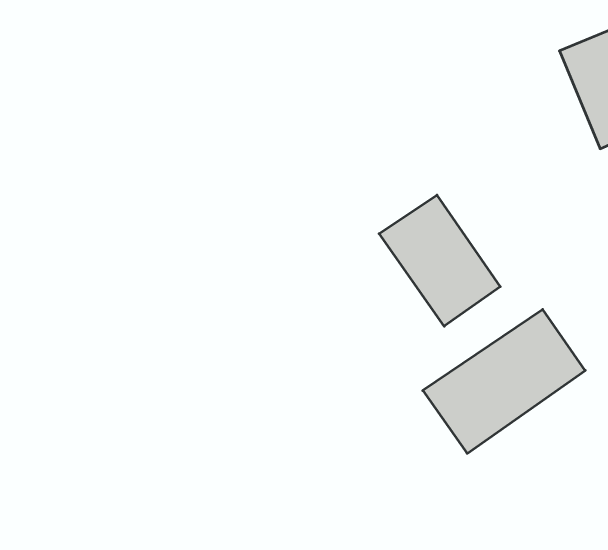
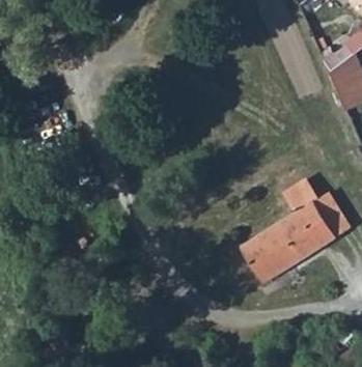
building: [379,195,500,326] -> none

